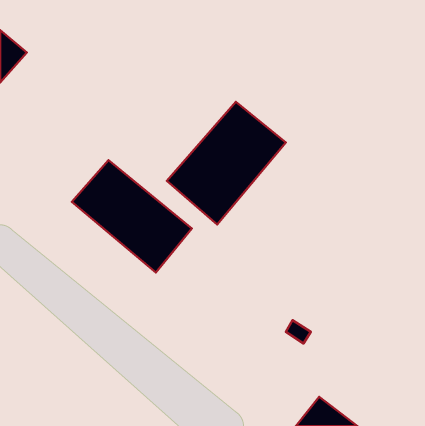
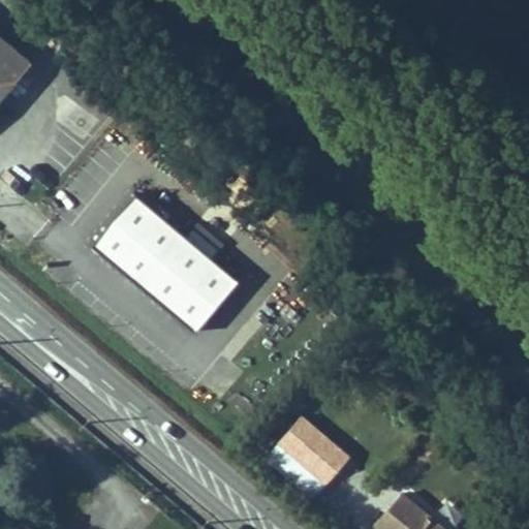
building: [167,102,286,224] -> none
building: none -> [276,409,350,481]

